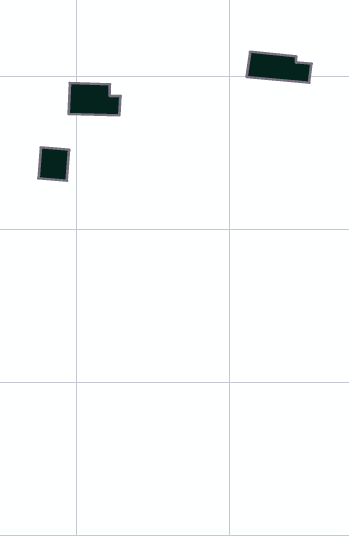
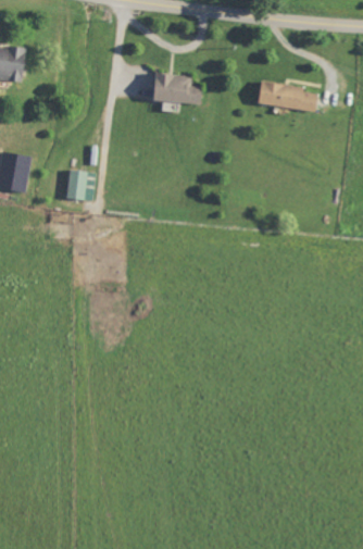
building: [69,83,121,115] -> [153,73,201,102]

